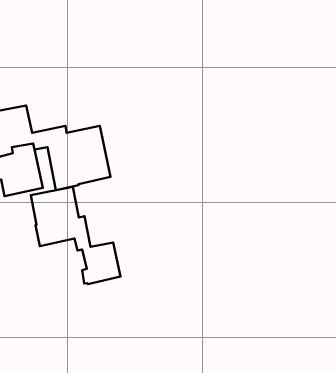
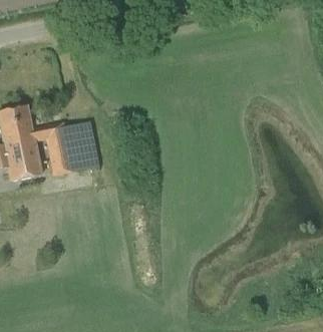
building: [31,187,120,284] -> none

